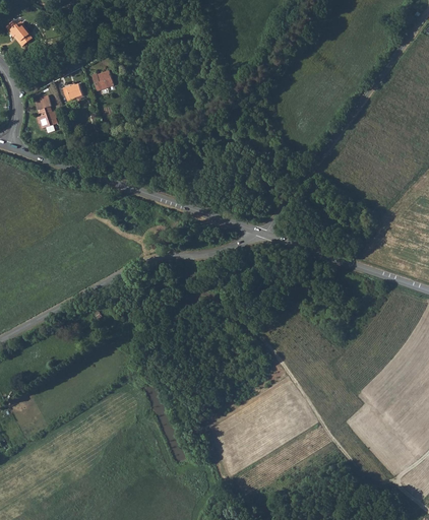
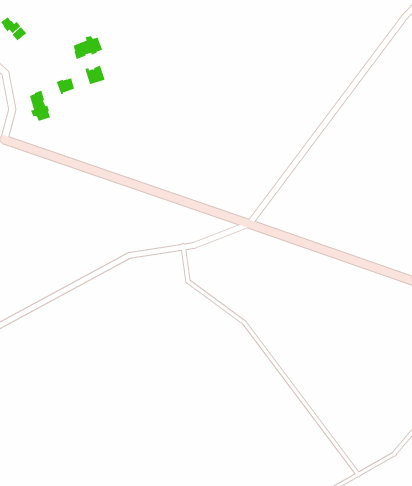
building: none -> [73,35,103,60]

